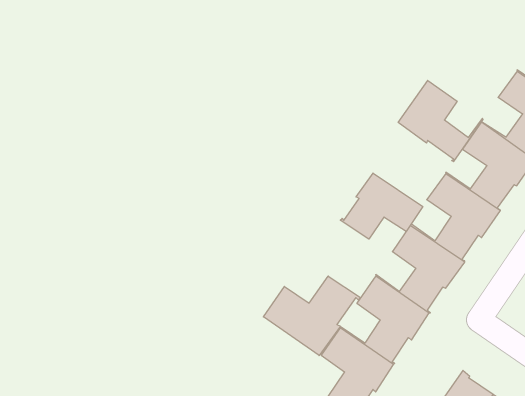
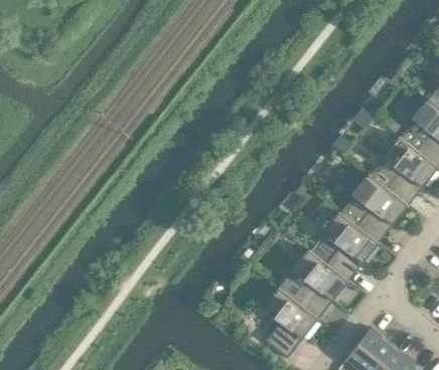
building: [398,80,483,162] -> none
building: [340,173,423,239] -> none
building: [263,276,360,356] -> none

